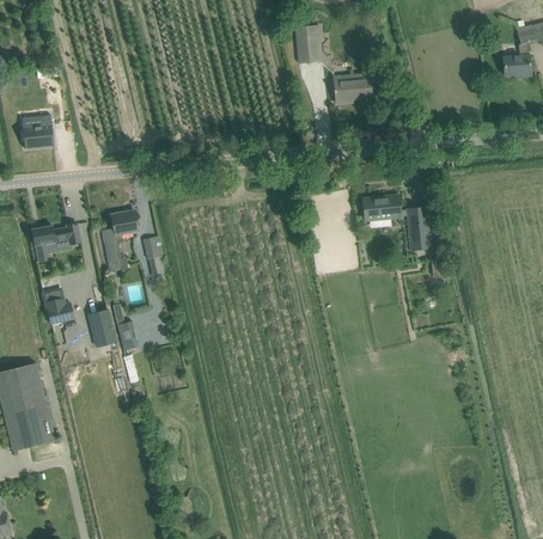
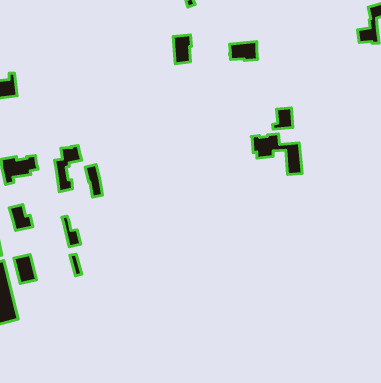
building: [297,25,321,63] -> [173,35,191,64]
building: none -> [272,108,293,129]
building: [87,308,117,347] -> [14,255,36,283]

